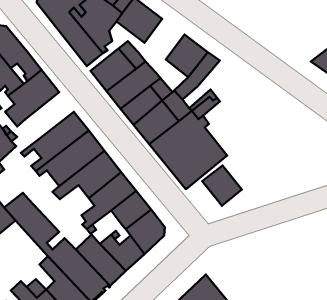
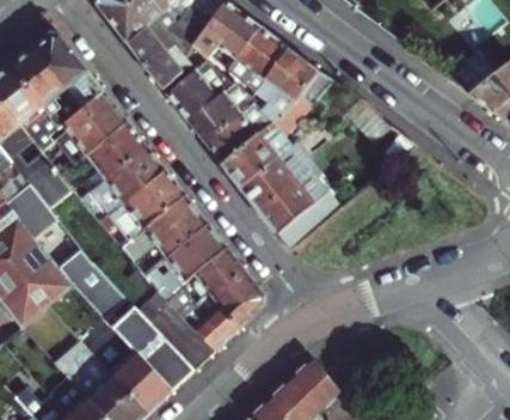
building: none -> [235,26,287,79]
building: none -> [82,121,145,179]
building: [202,166,242,206] -> none

